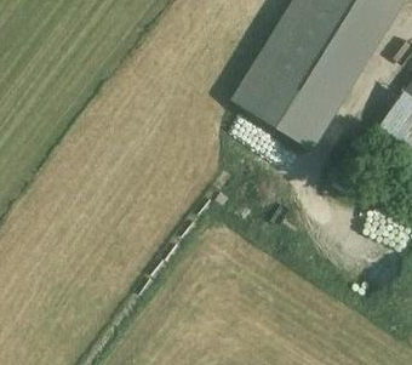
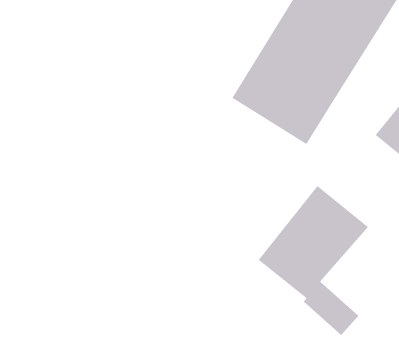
building: none -> [258,185,369,336]

